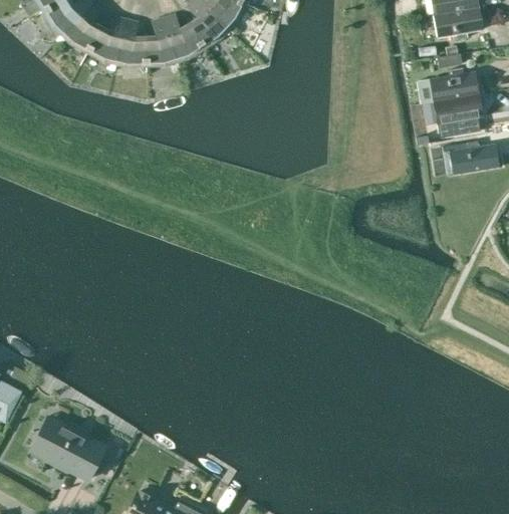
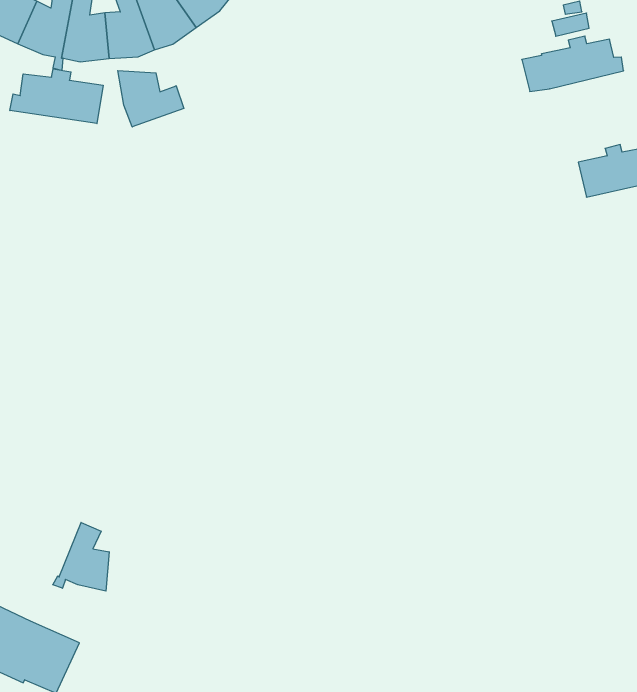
building: none -> [10,69,103,124]
building: none -> [118,71,184,127]
building: [433,91,484,124] -> none
building: none -> [53,522,109,591]

